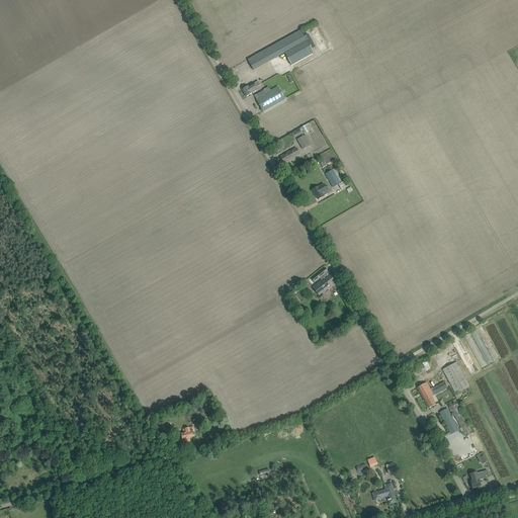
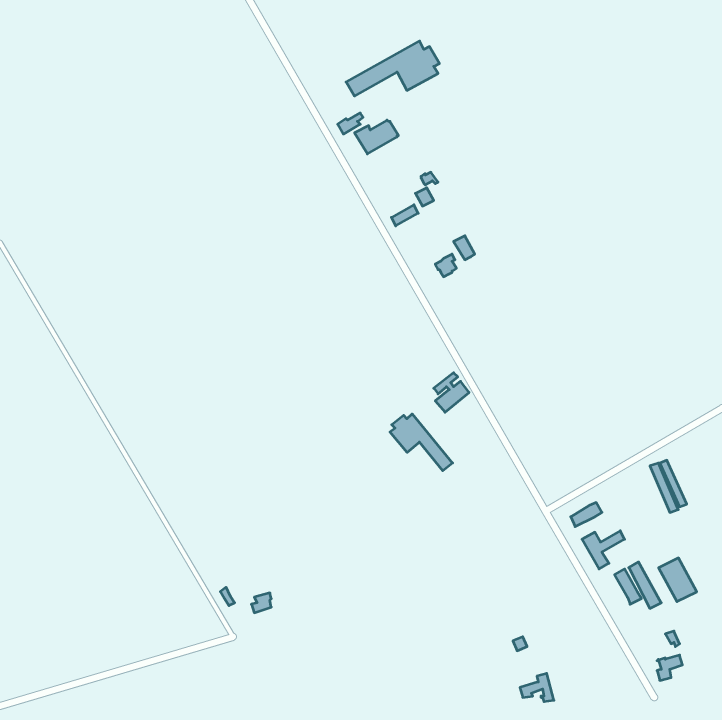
building: none -> [390,414,453,471]
building: [442,361,469,393] -> [659,558,697,602]

